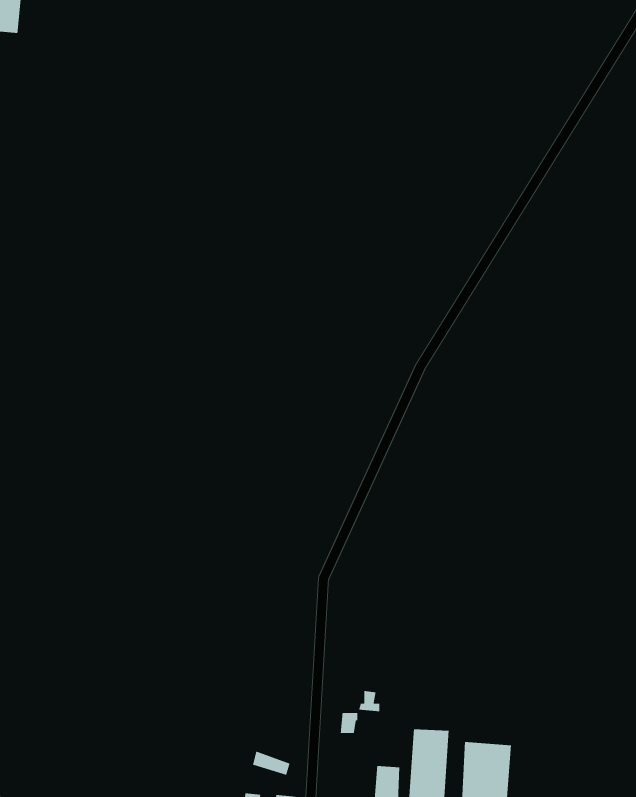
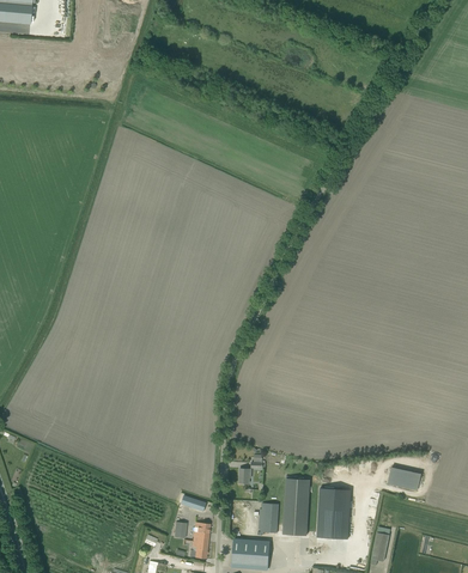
building: none -> [387,467,419,490]

